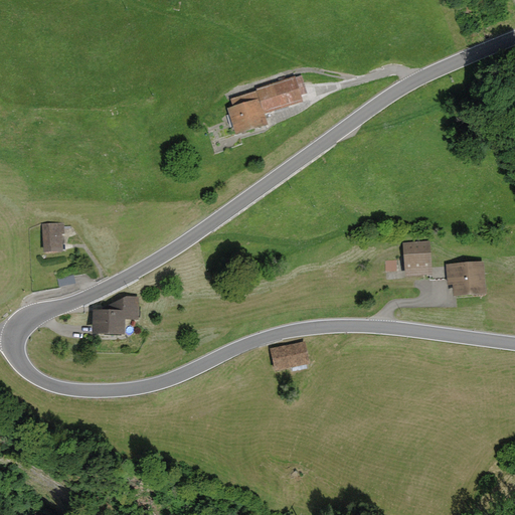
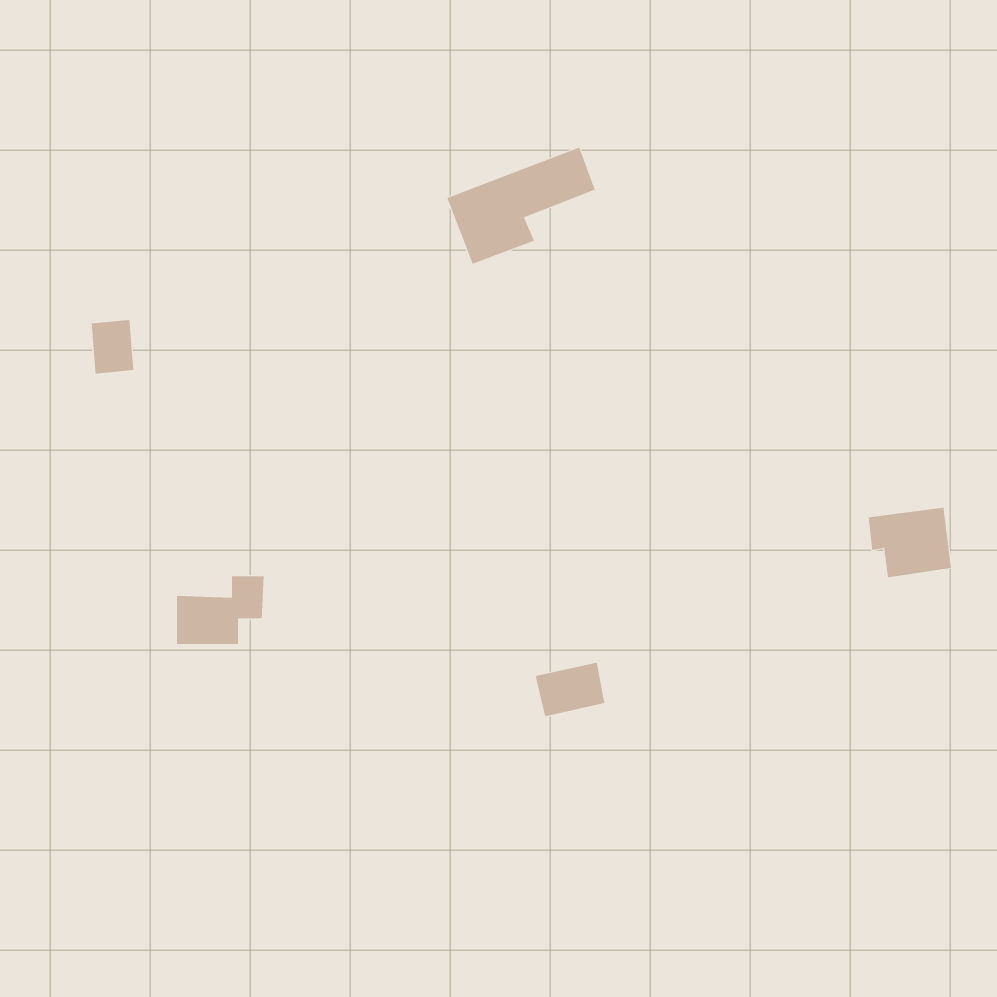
building: [40,223,62,251] -> [91,319,134,374]
building: [403,238,434,275] -> none

